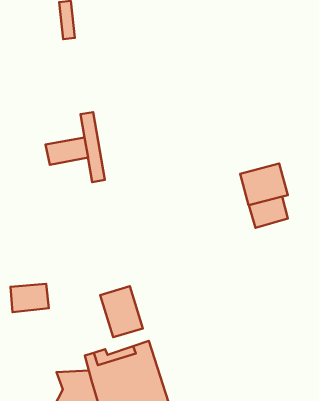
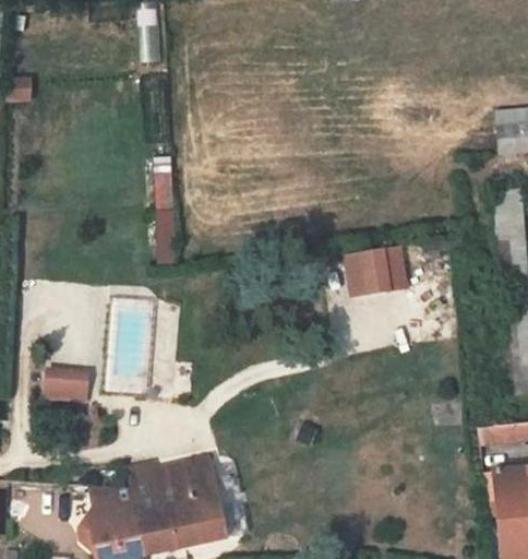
building: [45,138,88,165] -> none
building: [249,197,288,228] -> none
building: [100,286,143,337] -> none

